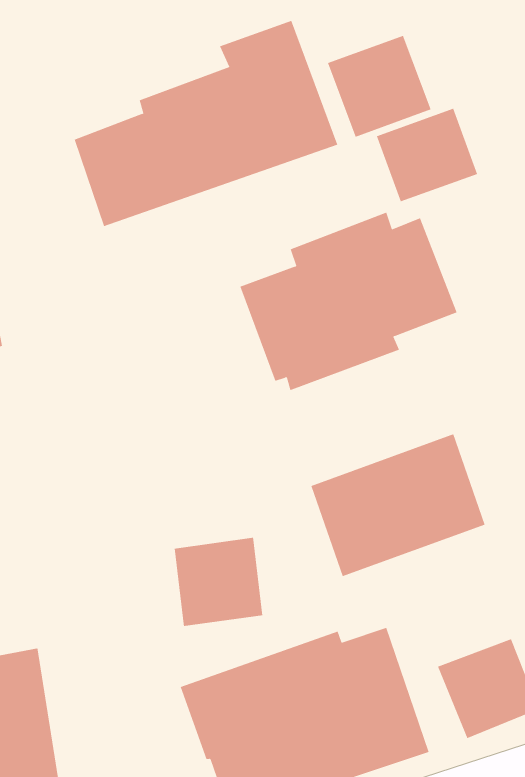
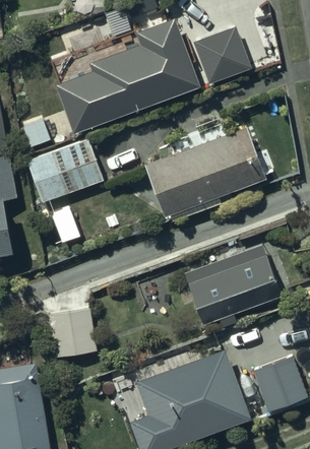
building: [376,108,478,202] -> none
building: none -> [27,140,104,203]
building: [174,537,263,627] -> [47,309,96,358]

